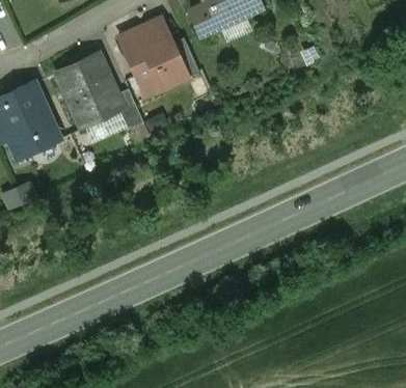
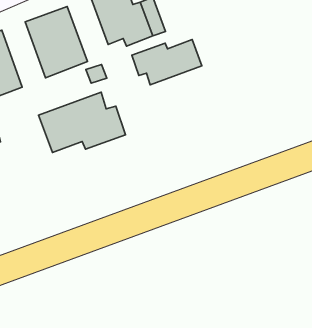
building: none -> [132,40,202,85]
building: none -> [39,92,126,152]

